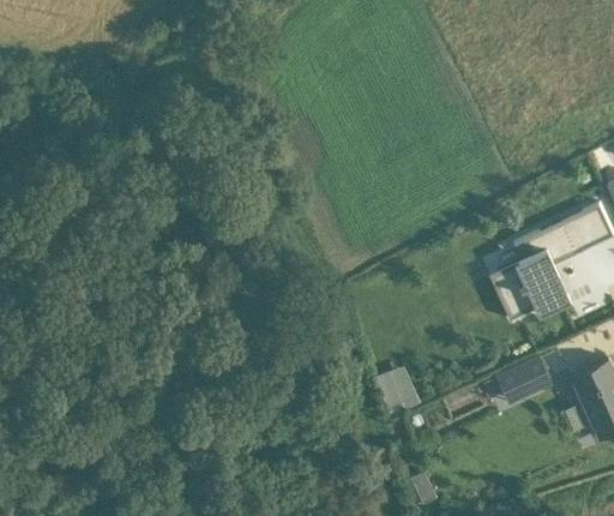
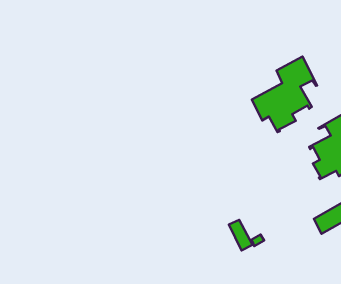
building: none -> [252,56,317,132]

